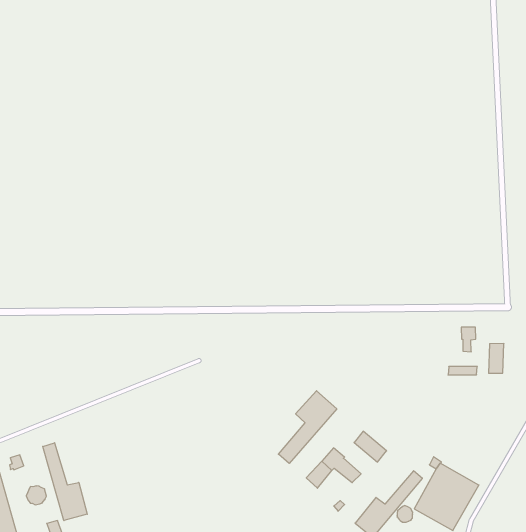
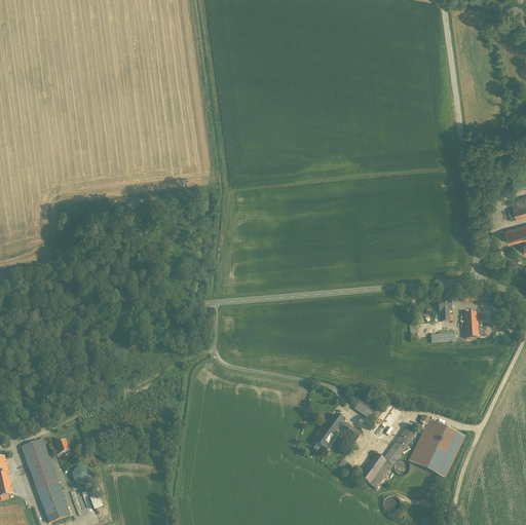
building: [278,391,337,463] -> none
building: [43,443,87,521] -> none

